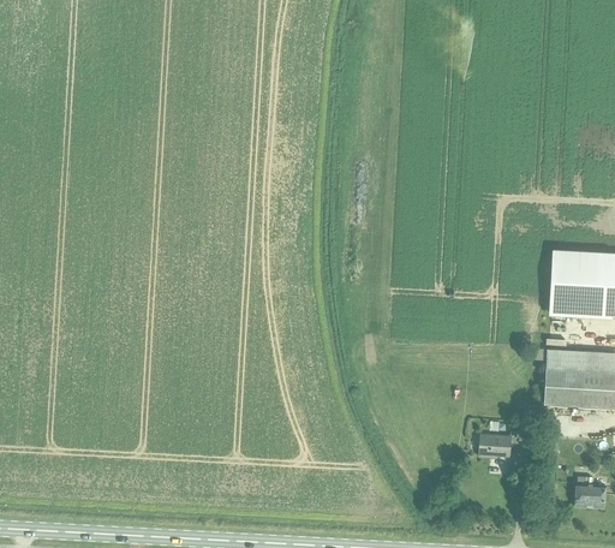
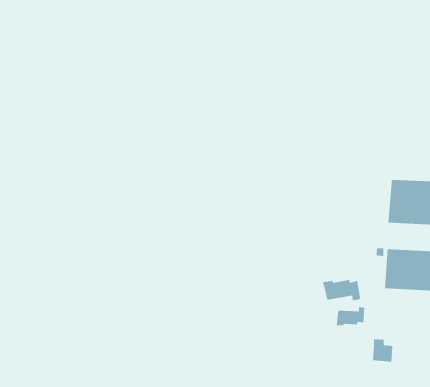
building: none -> [323,279,361,302]
building: [575,475,604,507] -> [372,339,393,362]

